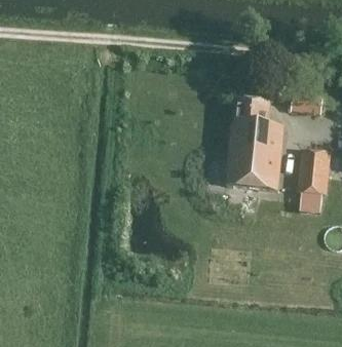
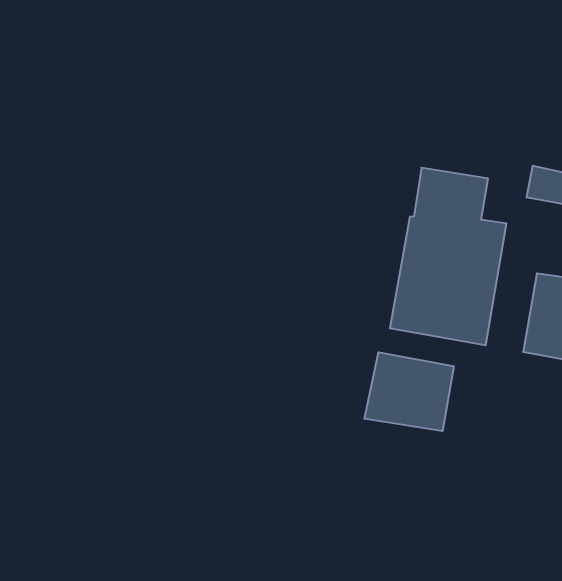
building: none -> [365,352,454,431]

